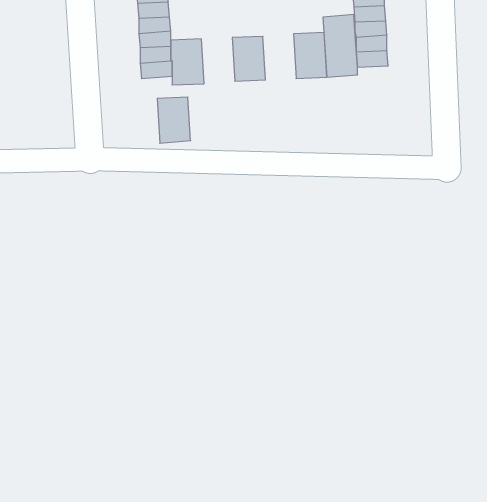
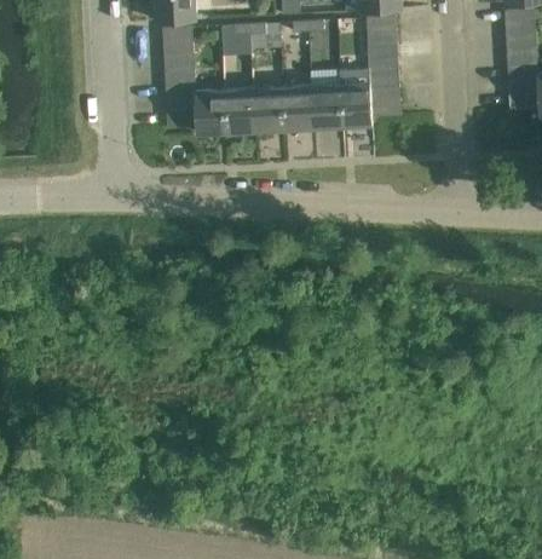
building: none -> [282,85,313,128]
building: [157,97,191,143] -> [224,88,255,132]

